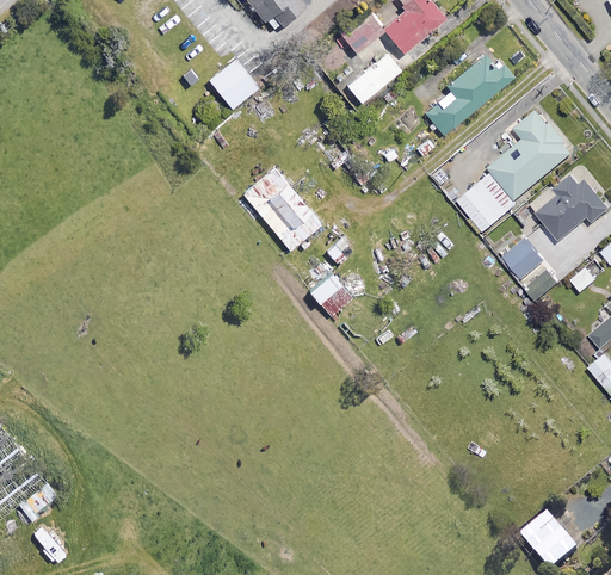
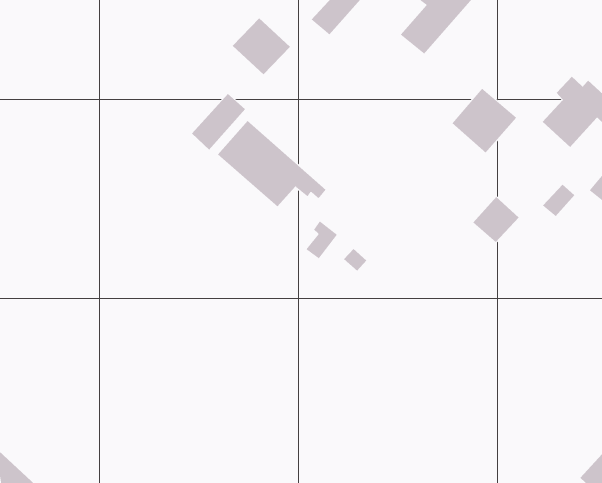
building: [205,57,258,110] -> [232,17,291,75]
building: [490,109,573,198] -> none
building: none -> [191,93,246,151]
building: [500,237,543,279] -> [472,196,520,243]

